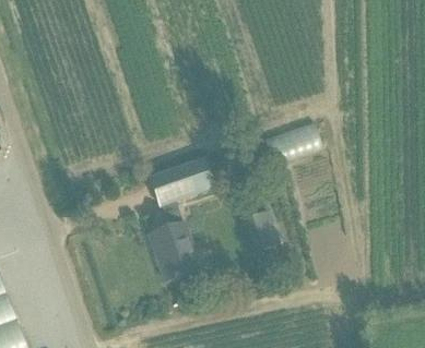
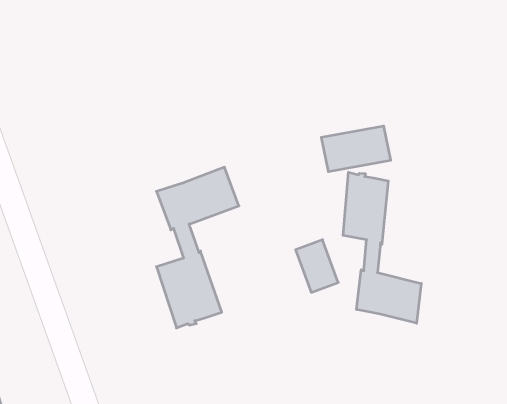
building: none -> [343,172,421,323]

